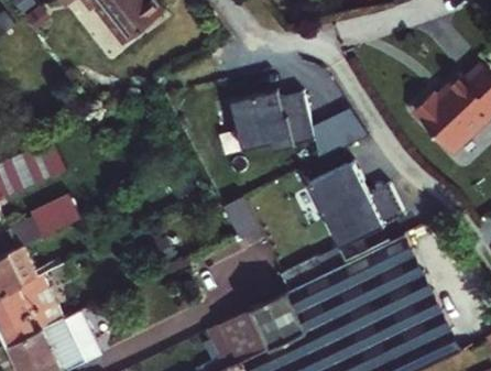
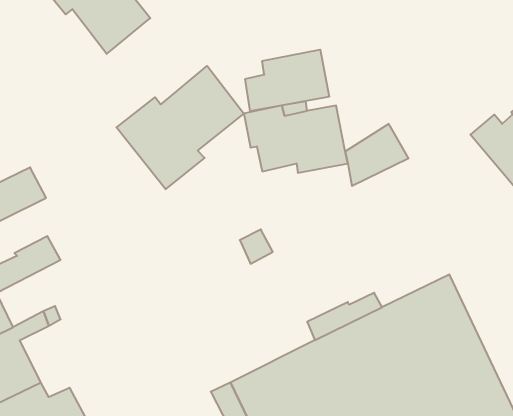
building: none -> [245,50,329,111]
building: none -> [116,66,244,189]
building: [310,160,405,245] -> none

